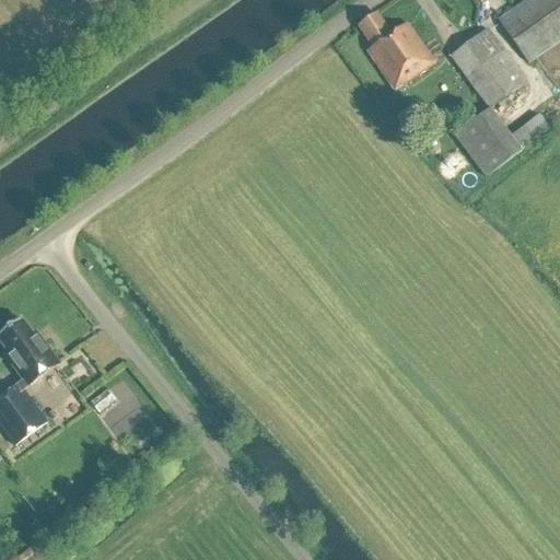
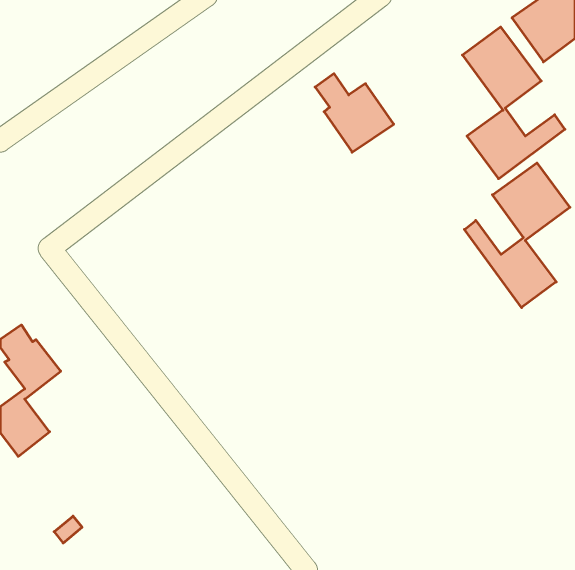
building: [358,11,434,88] -> [315,74,394,152]
building: none -> [464,163,570,308]

